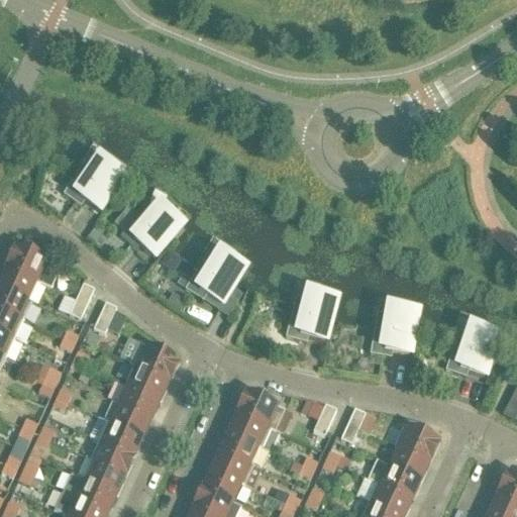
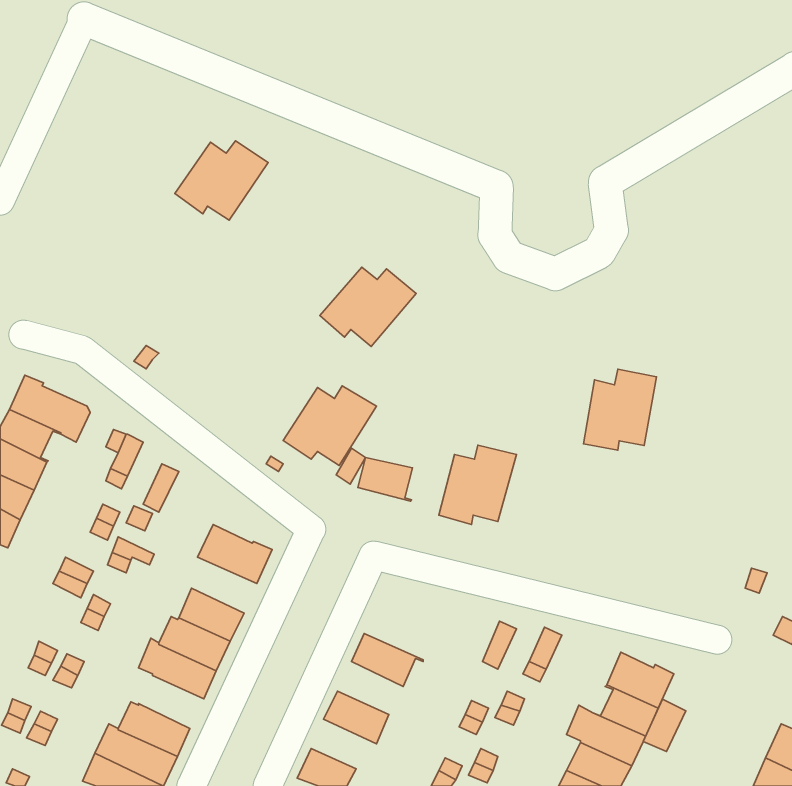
building: [65,157,125,208] -> [175,141,268,220]
building: [121,203,184,254] -> [320,267,416,347]
building: none -> [358,458,413,501]
building: [371,303,418,355] -> [584,369,657,450]
building: [446,323,500,375] -> none
building: [126,361,169,398] -> none
building: [238,389,286,428] -> none
building: [221,429,264,463] -> none
building: [92,438,134,473] -> none
building: none -> [643,699,686,752]
building: [204,467,246,499] -> none

